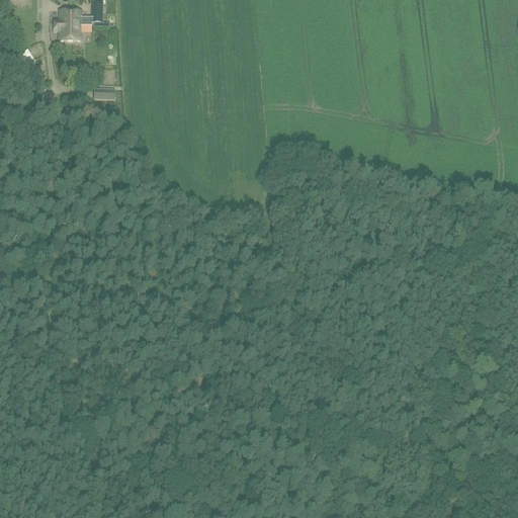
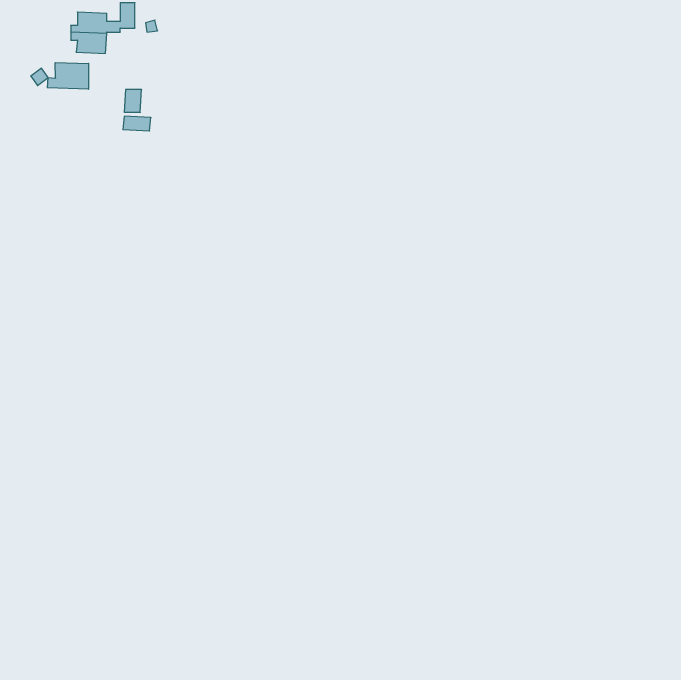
building: none -> [47,63,89,89]

